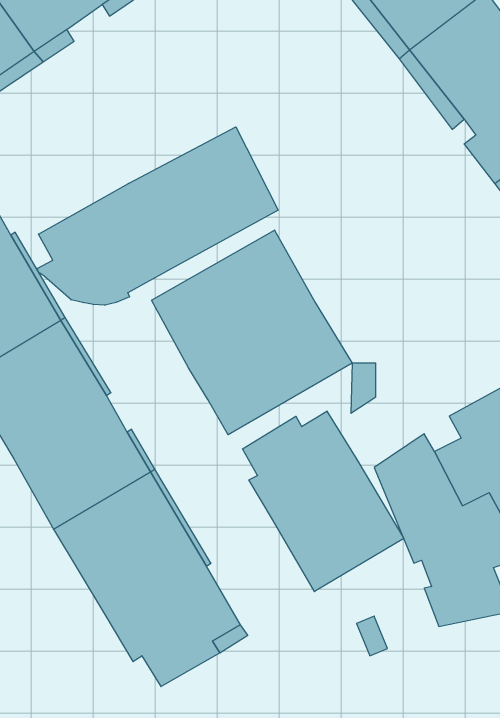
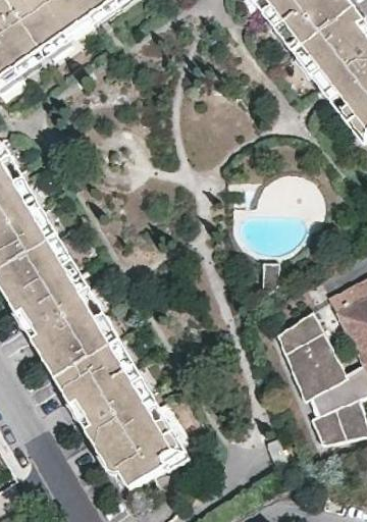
building: [37,127,278,305] -> none
building: [152,230,352,435] -> none
building: [243,411,404,592] -> none

